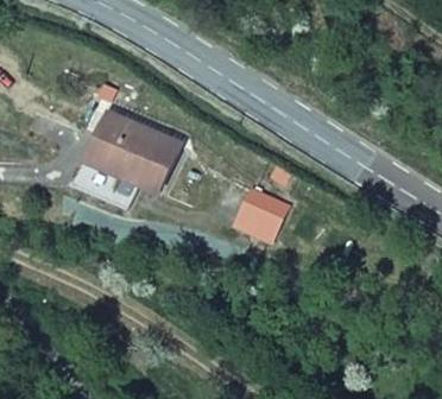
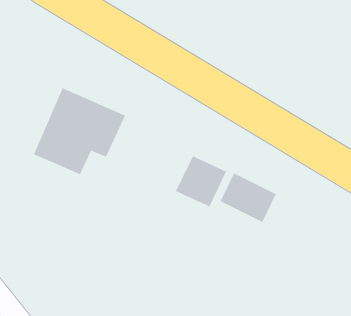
building: none -> [220,173,276,223]

